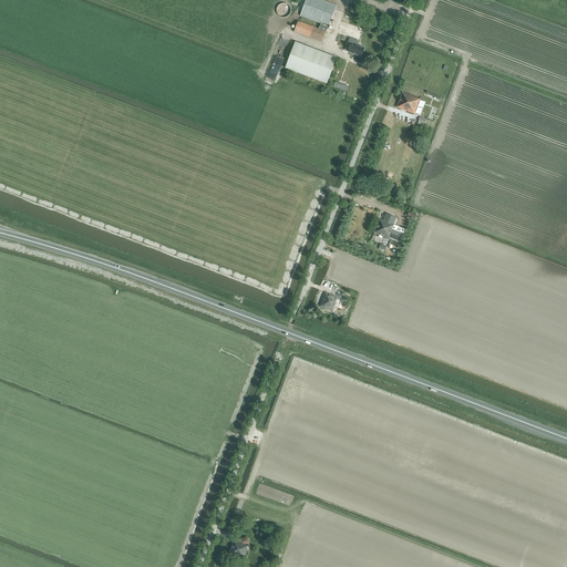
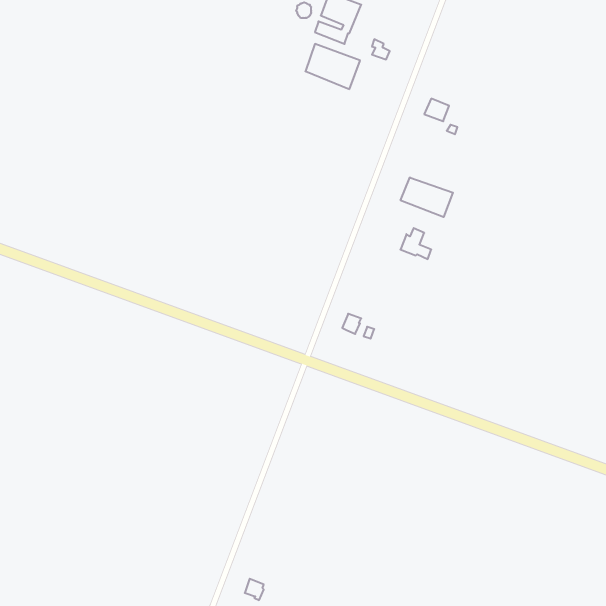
building: none -> [401,177,453,217]

